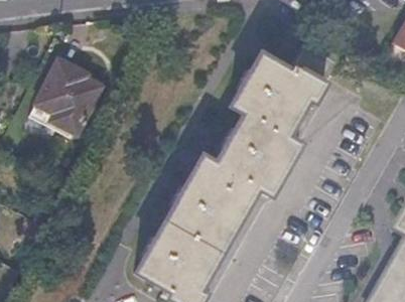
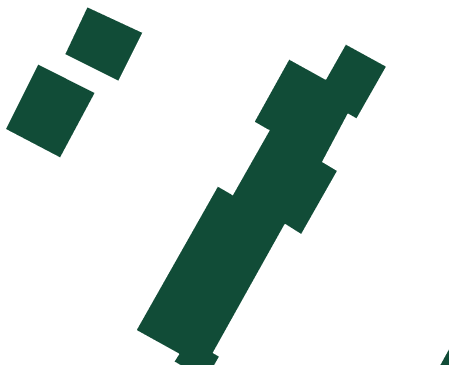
building: none -> [64,7,143,81]

